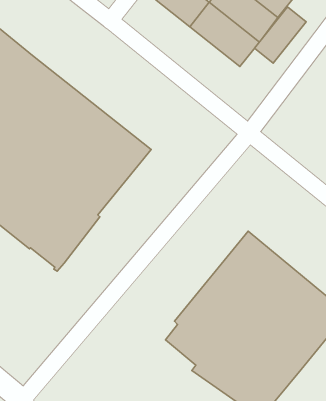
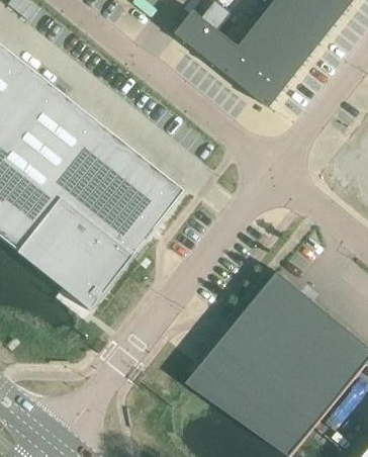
building: [255,7,306,63] -> none

